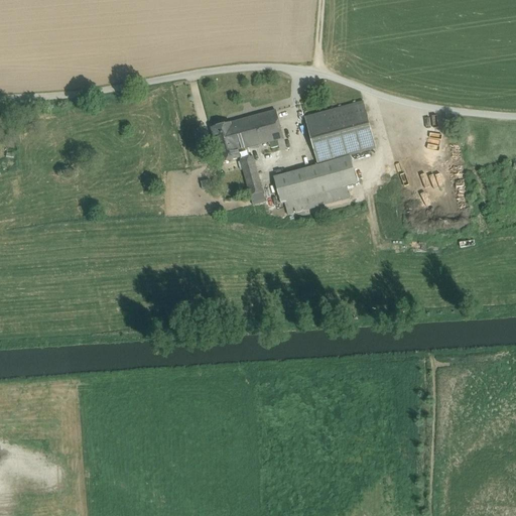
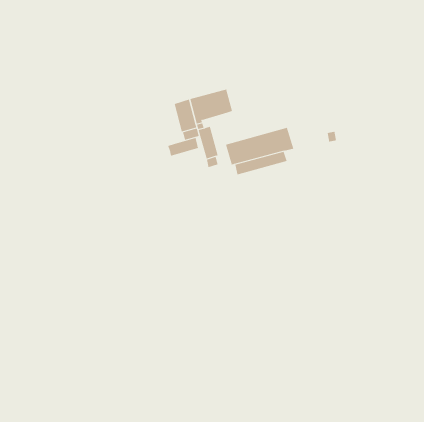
building: [304,100,375,161] -> none
building: none -> [168,137,199,156]

